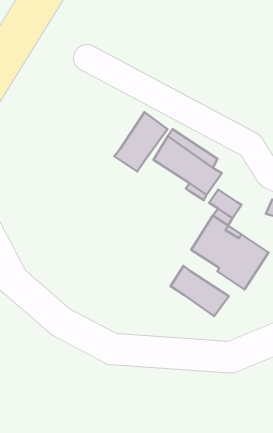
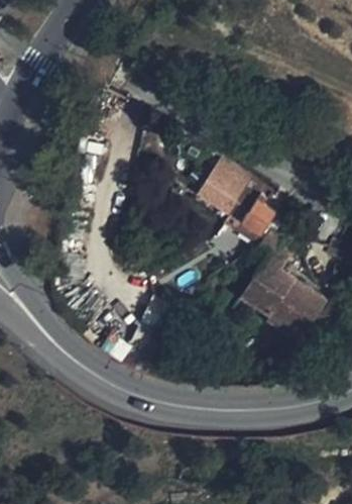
building: [114,112,167,171] -> none
building: [170,266,229,316] -> none

